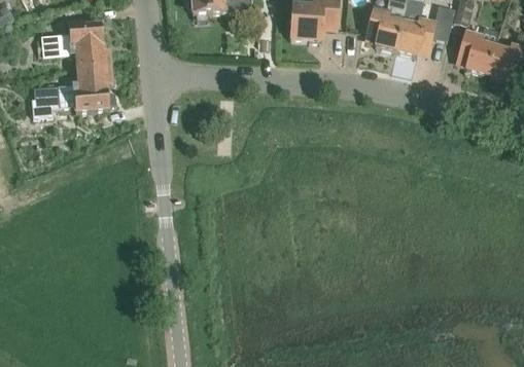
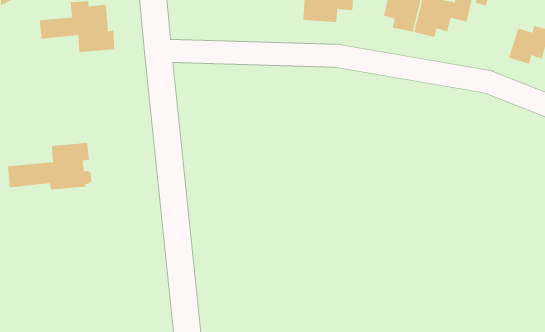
building: [458,28,499,75] -> none
building: [33,67,114,112] -> [7,143,92,190]

